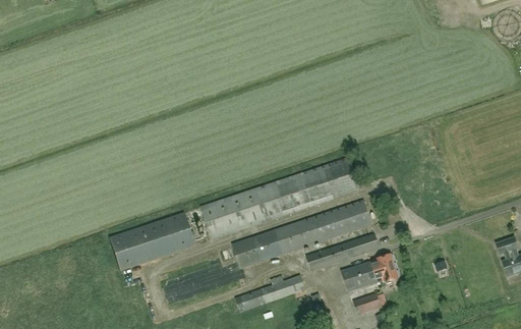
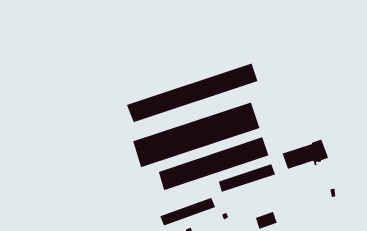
building: none -> [126,63,258,123]
building: [110,212,194,270] -> none
building: [341,253,400,291] -> [282,139,329,170]

